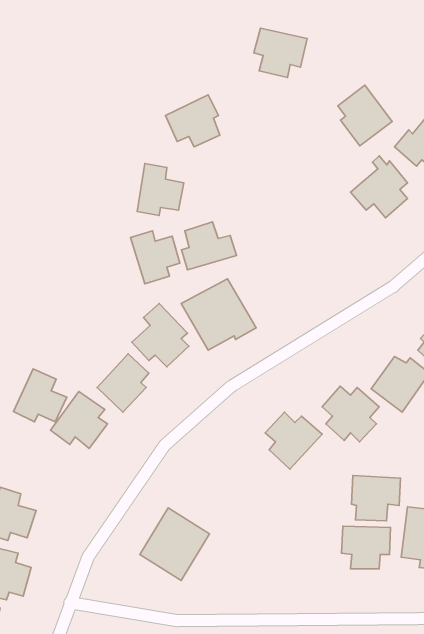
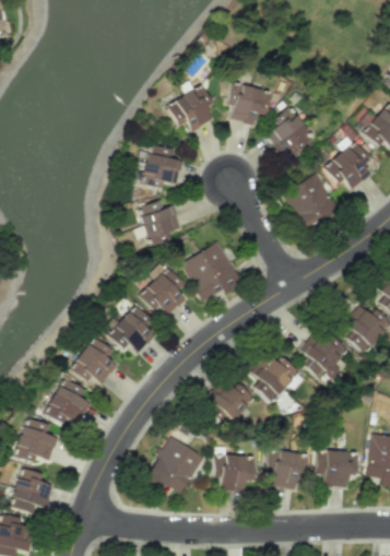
building: [254,28,307,77] -> [226,83,271,125]
building: [338,85,392,146] -> [267,106,312,157]
building: none -> [283,174,339,230]
building: [181,222,236,270] -> none
building: [14,369,67,422] -> [46,378,91,423]
building: none -> [204,382,255,427]
building: [351,476,401,521] -> [267,450,308,488]
building: none -> [214,454,255,493]

